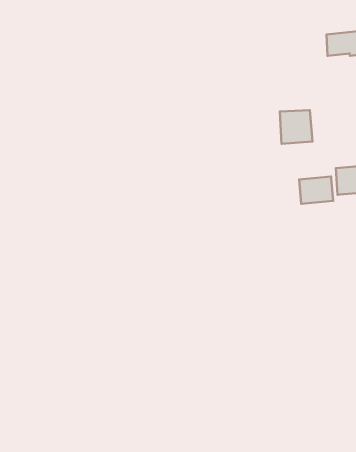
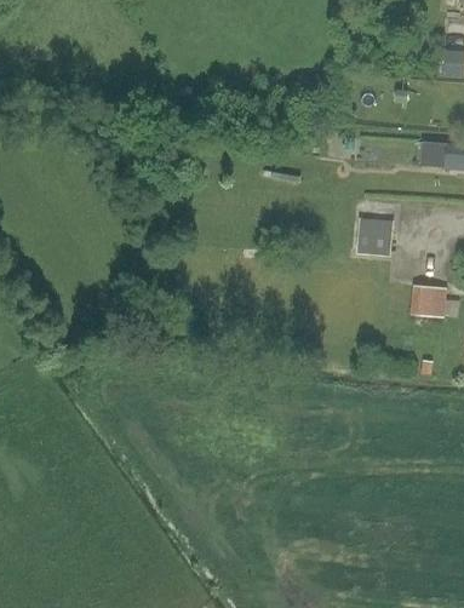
building: [299,177,333,204] -> none

